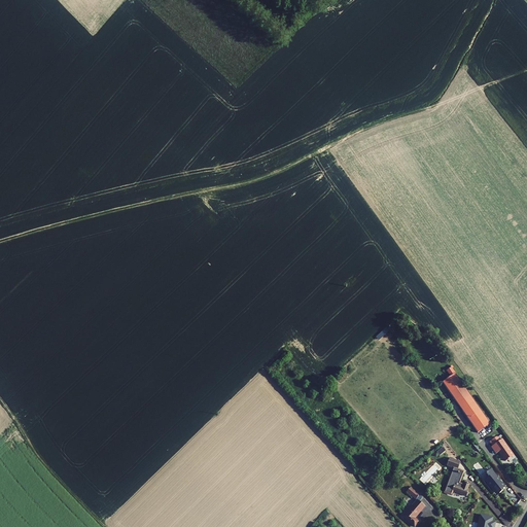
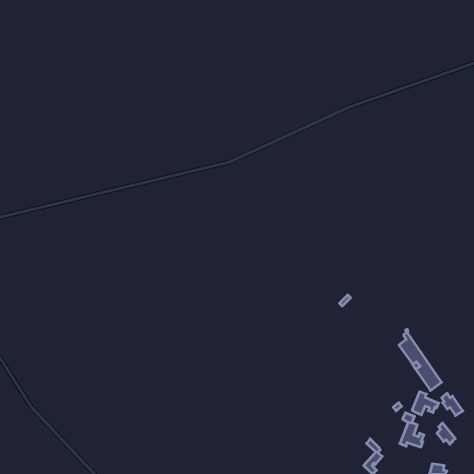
building: none -> [412,392,439,415]

